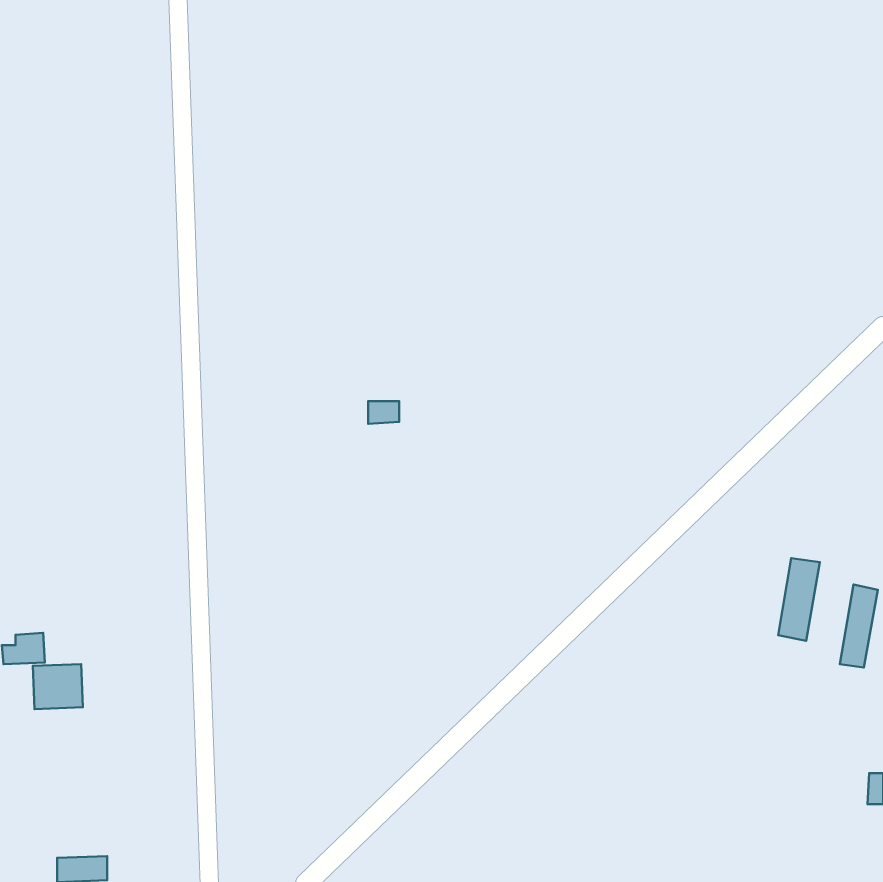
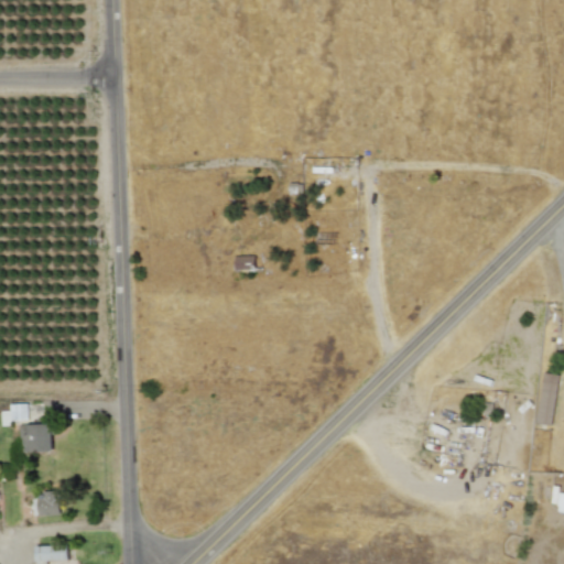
building: [778,558,820,641] -> none
building: none -> [33,491,59,517]

